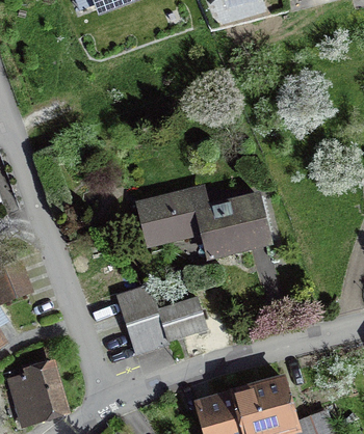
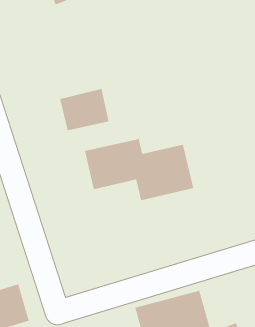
building: none -> [59,88,109,131]
building: [115,282,208,355] -> none

